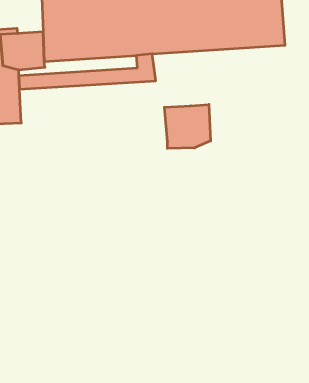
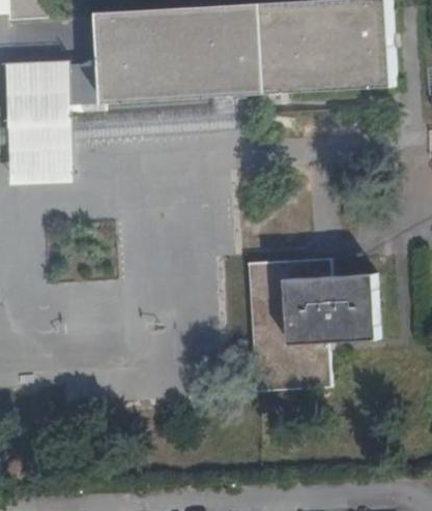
building: [164,104,211,148] -> none
building: none -> [247,258,376,390]

